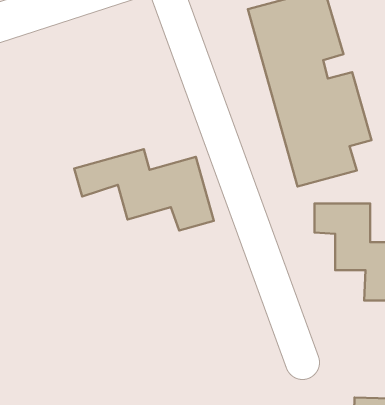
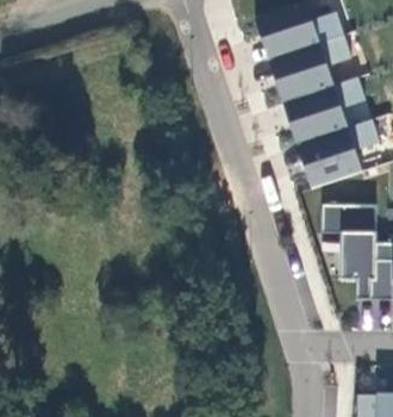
building: [74,149,214,230] -> none

